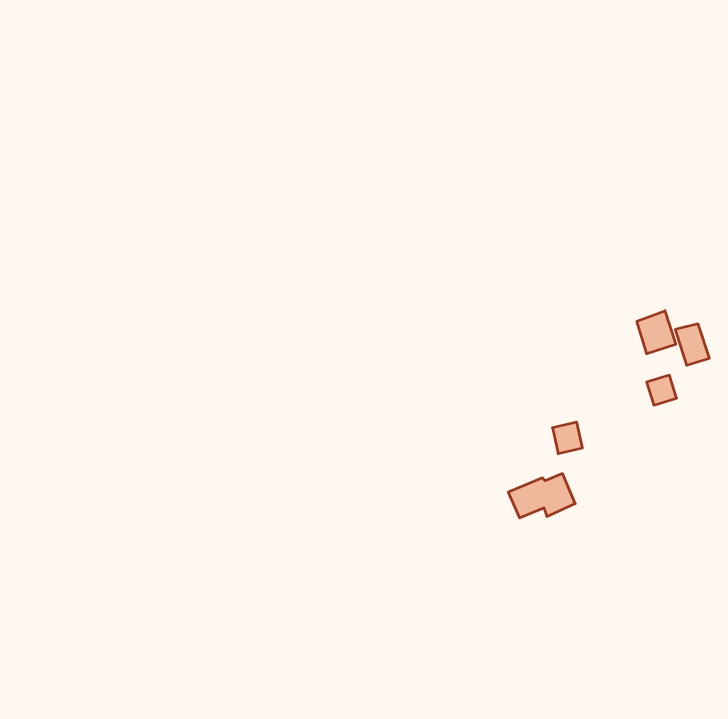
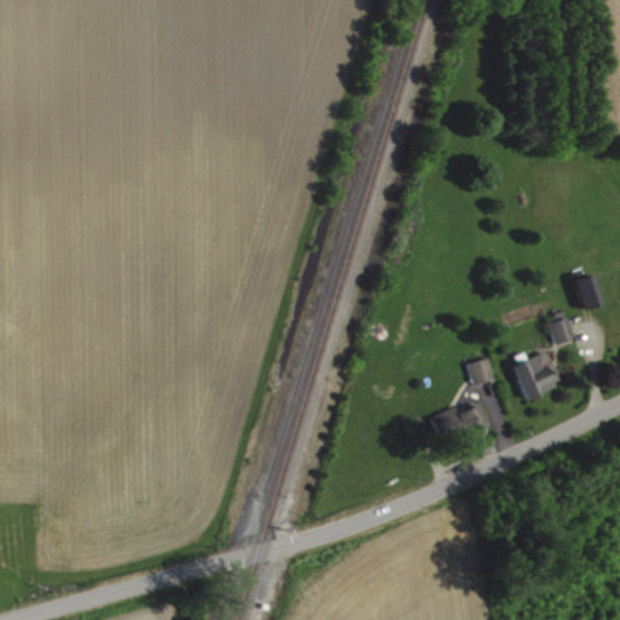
building: [637,311,676,354] -> none
building: none -> [511,351,561,400]

